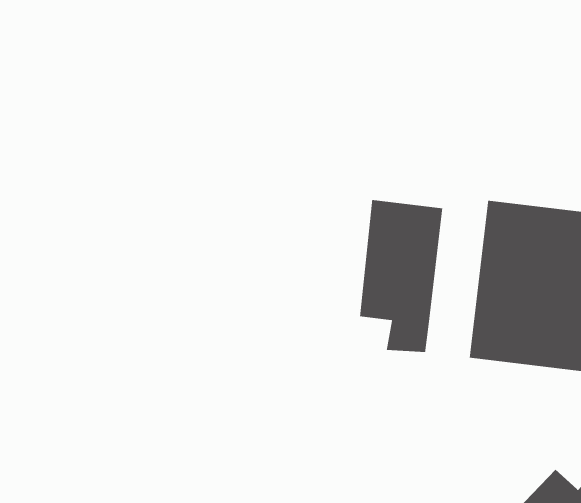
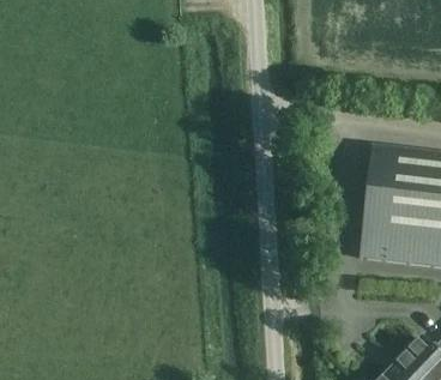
building: [359,199,443,353] -> none

